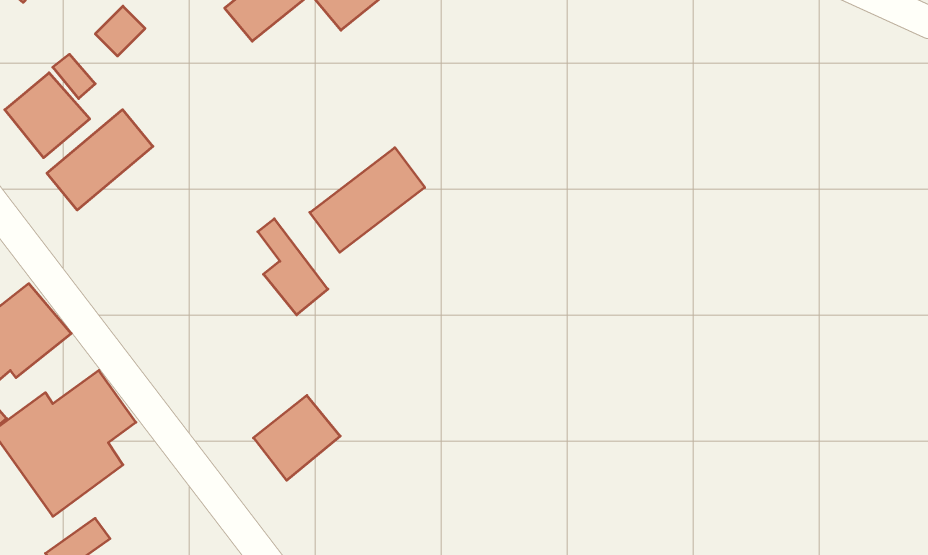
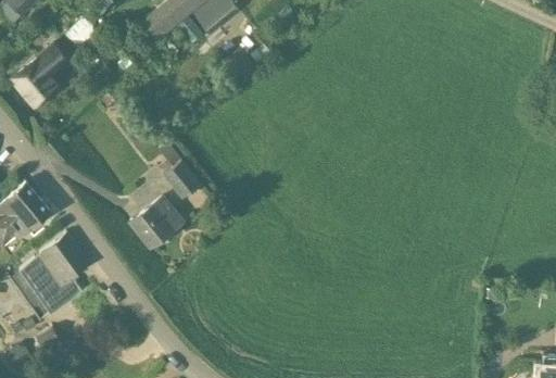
building: [47,110,153,210] -> none
building: [310,148,425,252] -> none
building: [253,395,340,480] -> [130,199,181,249]

